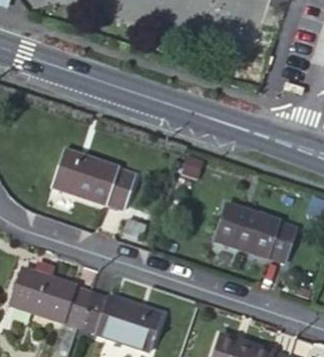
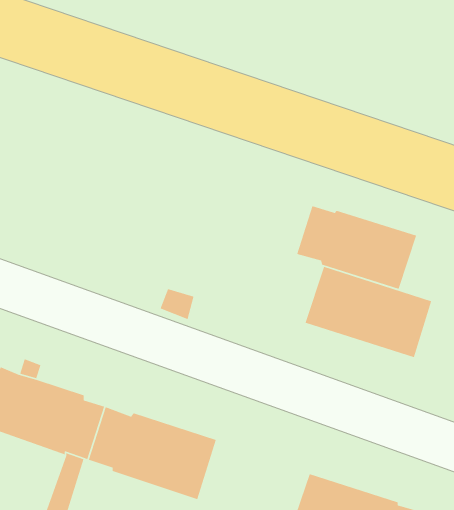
building: [53,147,135,208] -> none
building: none -> [296,205,417,290]

